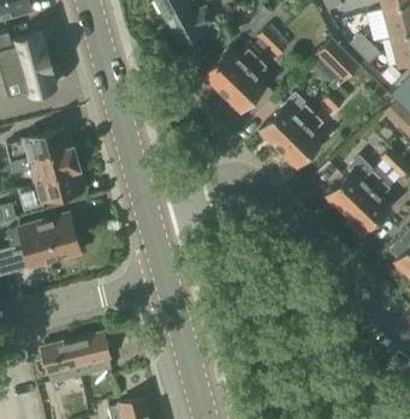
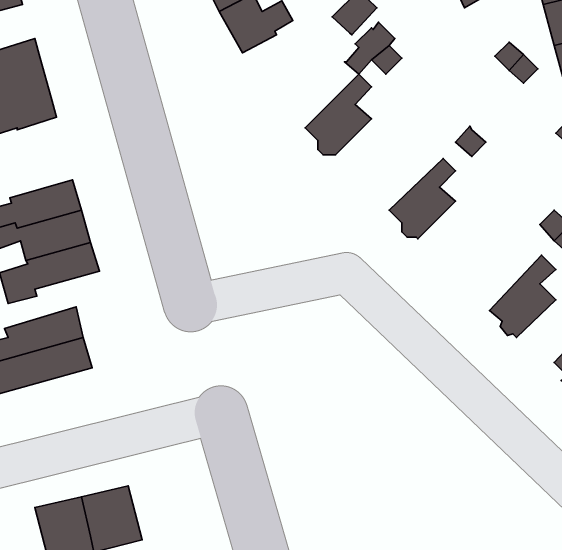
building: [308,38,358,89] -> none
building: [204,48,259,92] -> none
building: [260,94,315,148] -> none
building: [327,156,381,215] -> none

